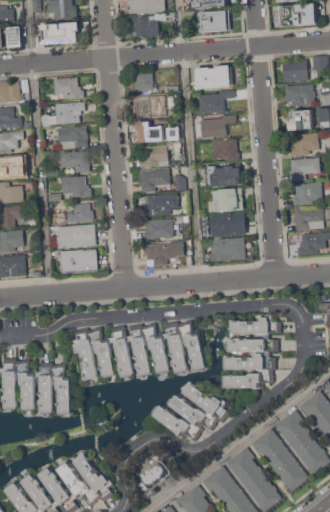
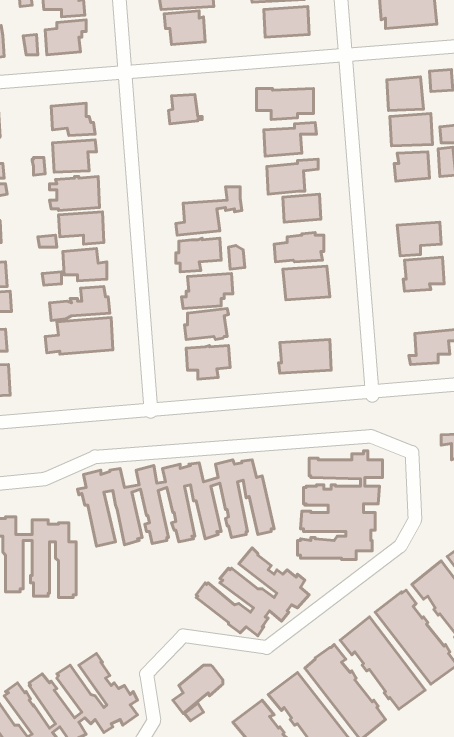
building: [134,97,165,118] -> none
building: [136,122,160,142] -> none
building: [289,134,318,157] -> none
building: [292,208,323,231] -> none
building: [209,213,244,236] -> none
building: [59,250,96,274] -> none

